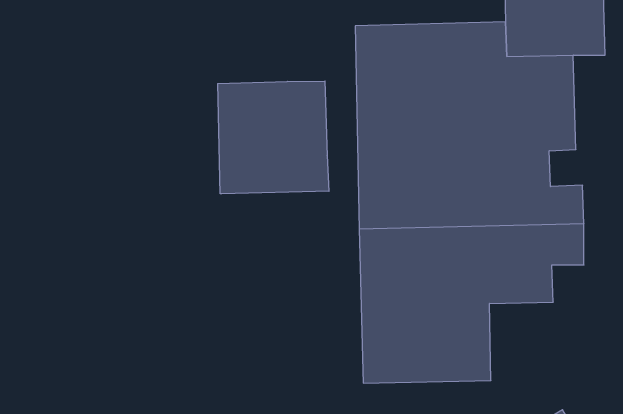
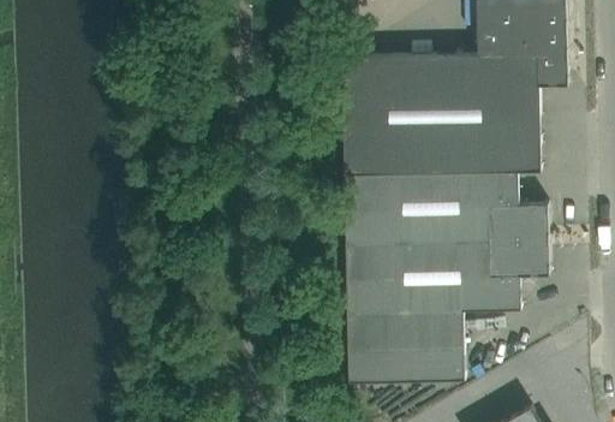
building: [218,81,329,194] -> none

